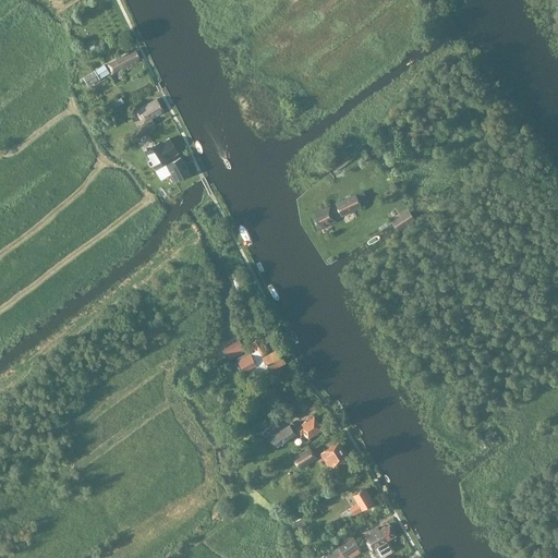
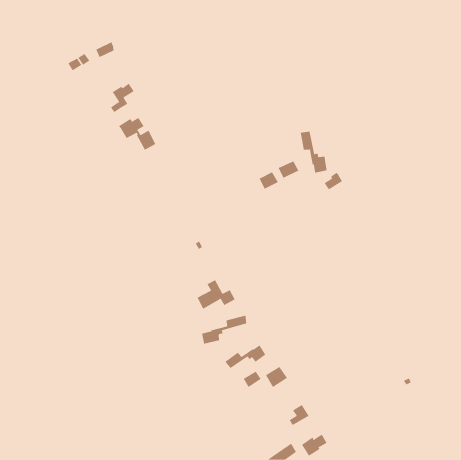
building: none -> [300,131,327,174]
building: none -> [202,315,247,345]

